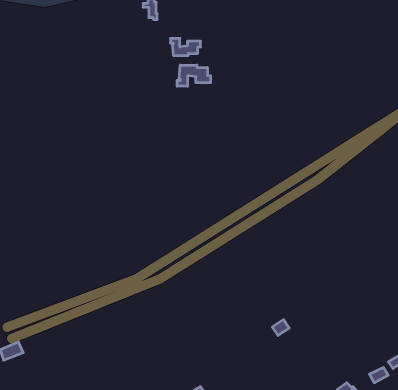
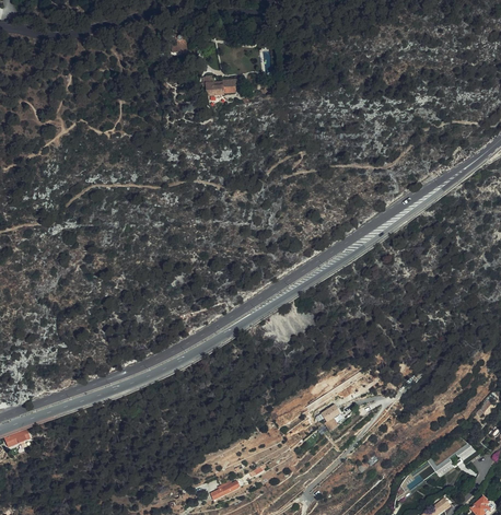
building: [177,65,211,86] -> none

